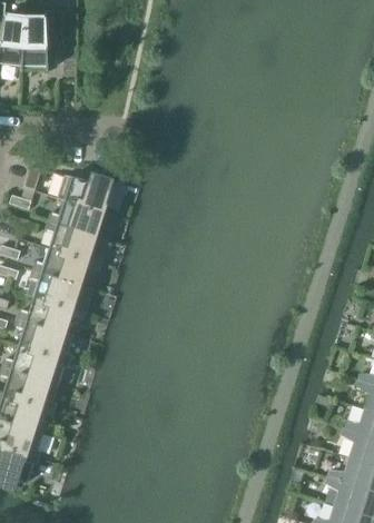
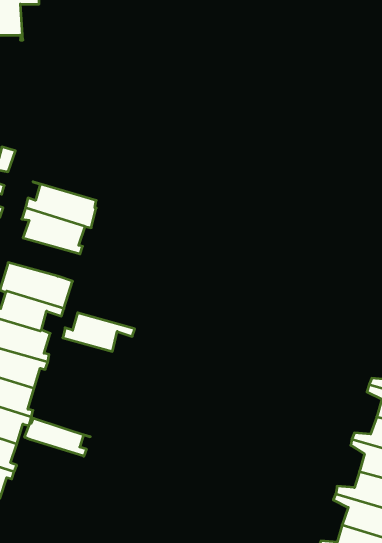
building: [57,172,116,215] -> none
building: [35,248,99,283] -> [63,313,135,351]
building: none -> [25,418,90,456]

